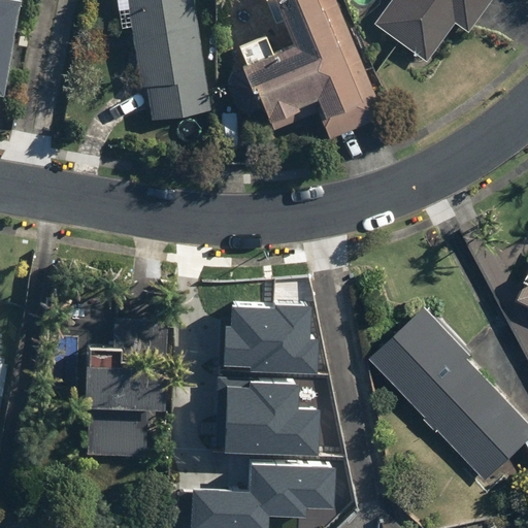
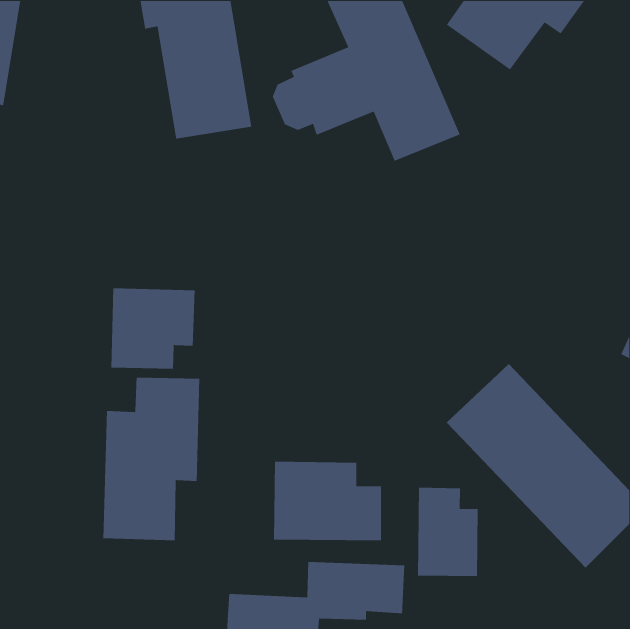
building: none -> [110,288,196,370]
building: [222,308,318,377] -> none
building: none -> [417,487,478,577]

